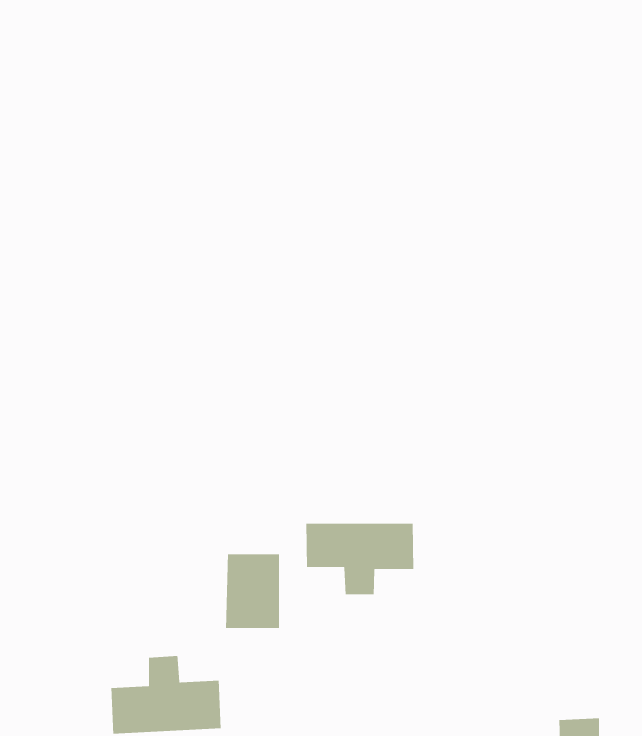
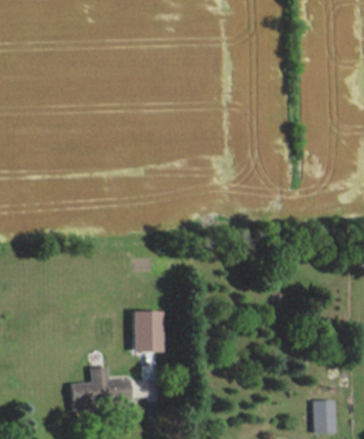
building: [306,523,414,595] -> none

